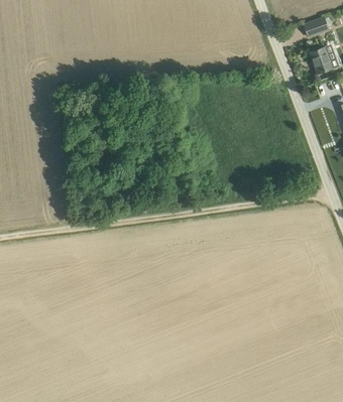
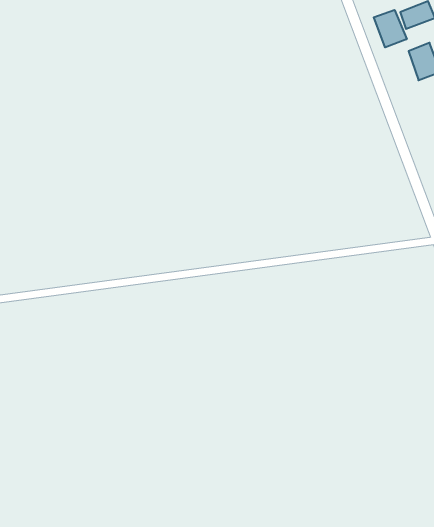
building: none -> [374,10,407,47]

